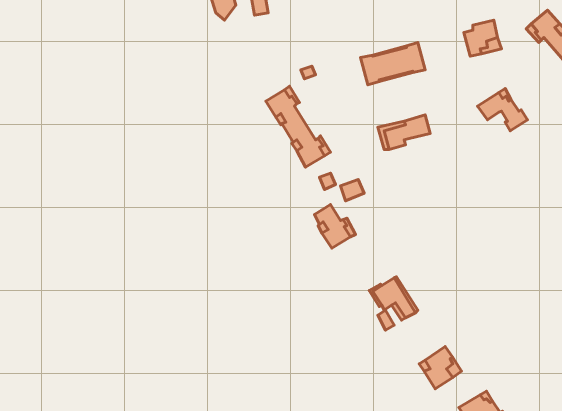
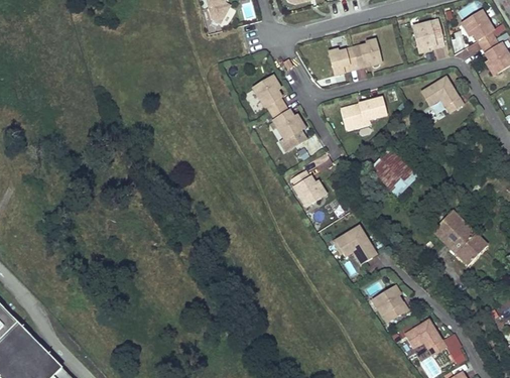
building: none -> [369,147,414,193]
building: none -> [430,208,485,262]

